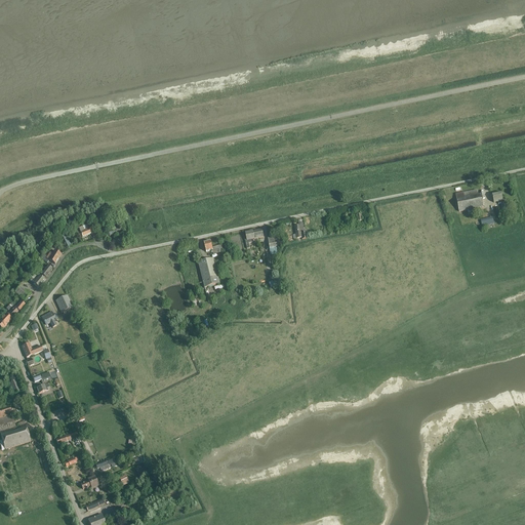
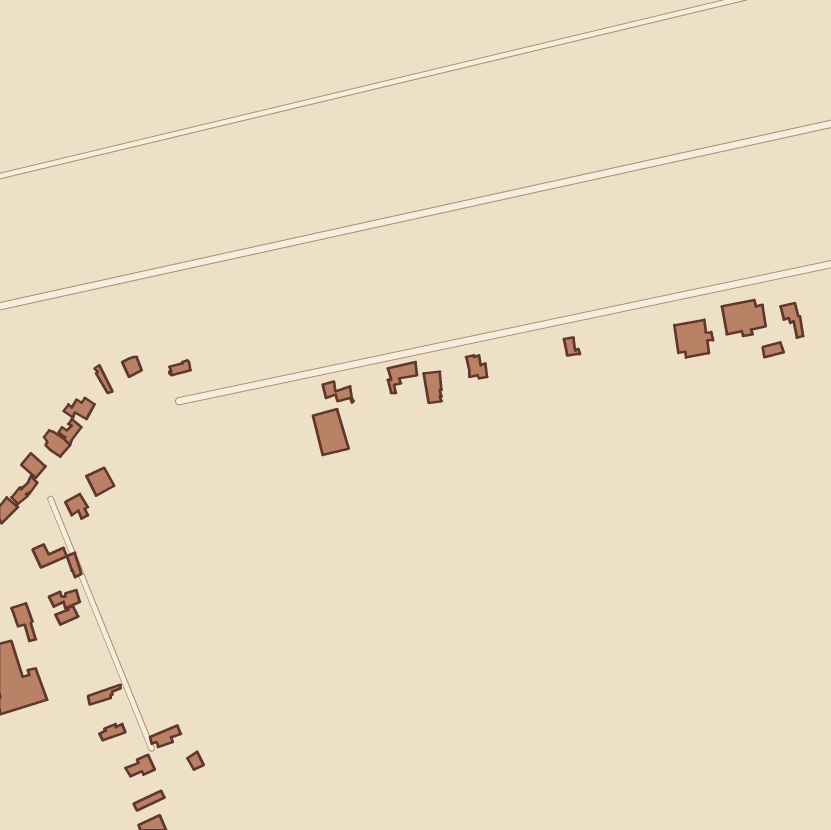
building: none -> [674,320,713,358]

